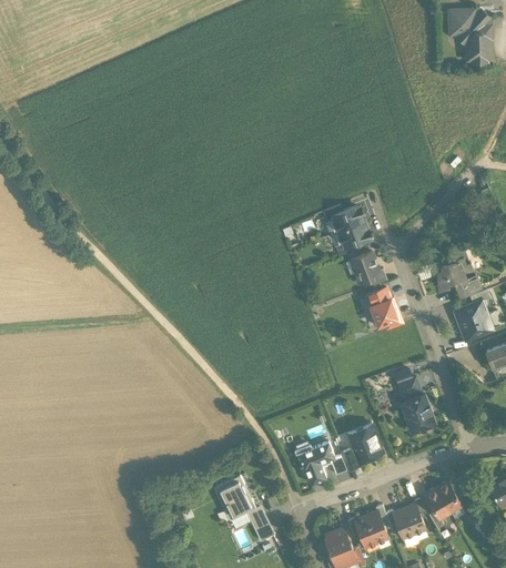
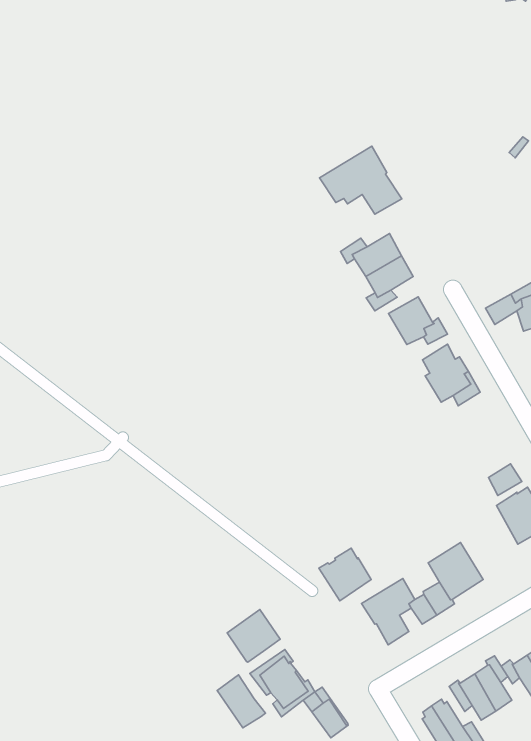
building: none -> [320,146,402,214]
building: none -> [319,548,371,601]
building: none -> [227,610,280,662]
building: none -> [217,675,265,728]

